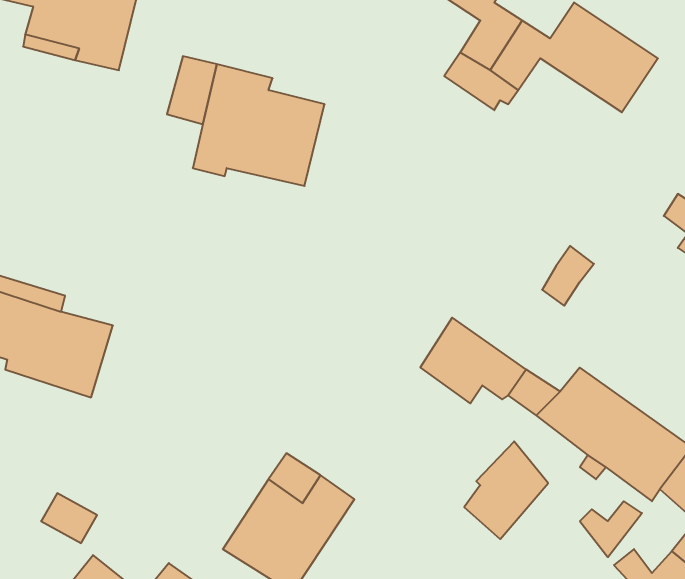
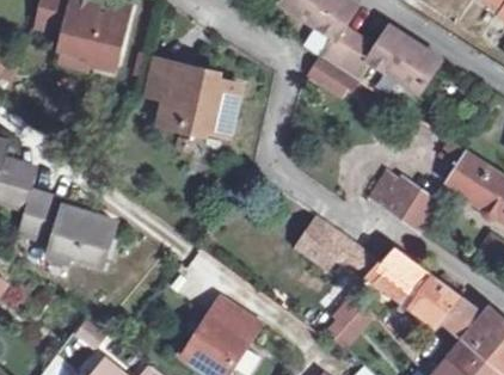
building: none -> [383,183,434,232]

